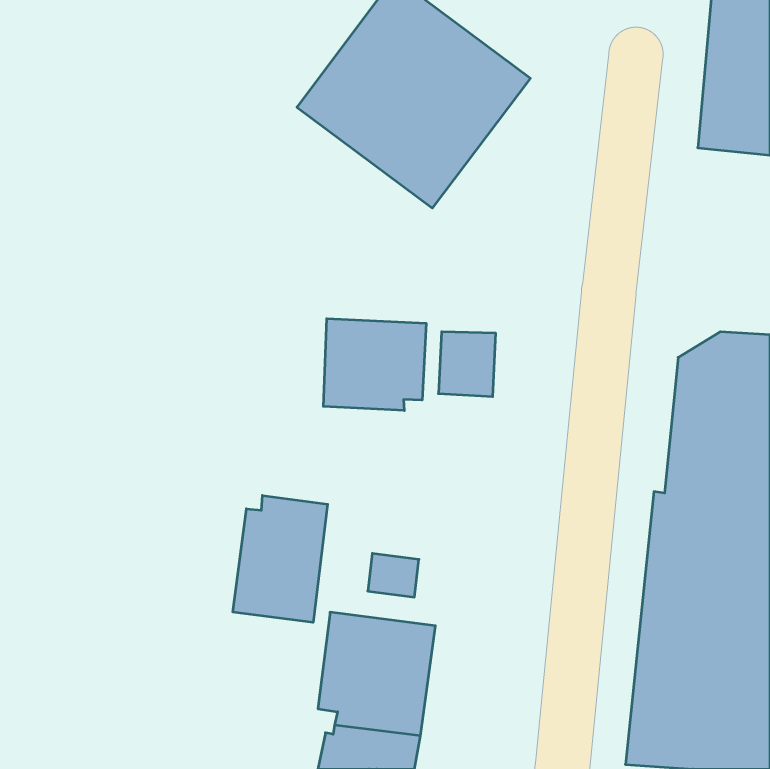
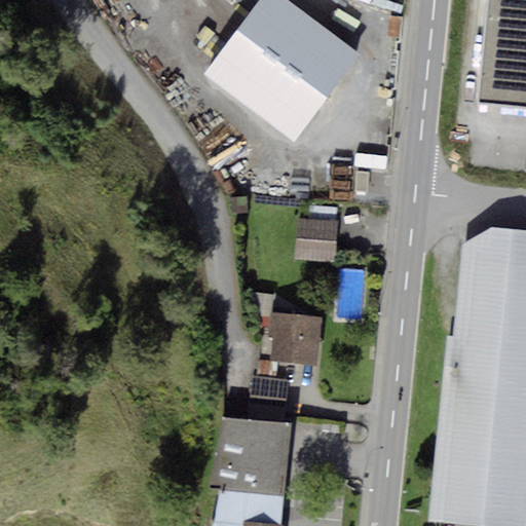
building: [323,319,426,411] -> none
building: none -> [269,314,320,361]
building: [233,495,328,622] -> none

